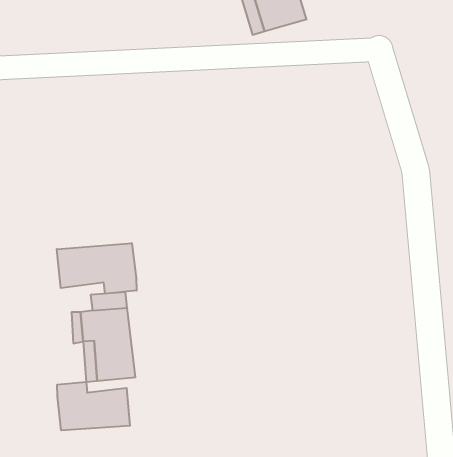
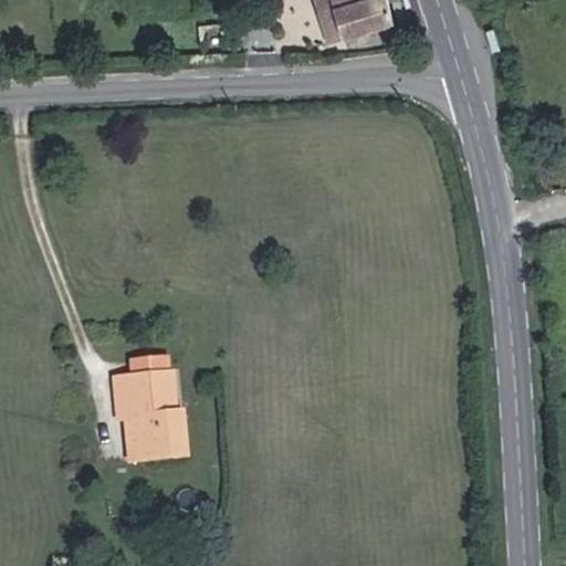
building: [57,243,137,294] -> none
building: [57,382,130,430] -> none

